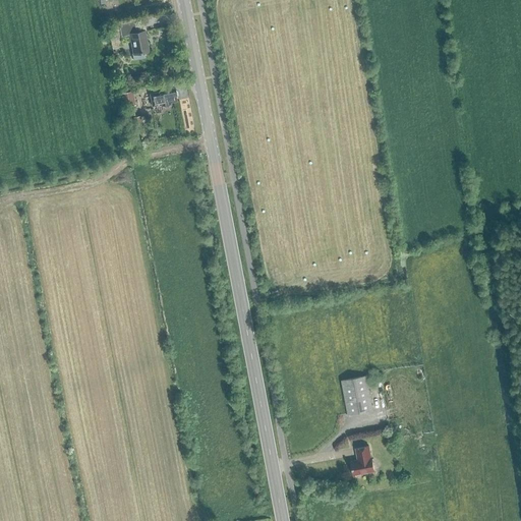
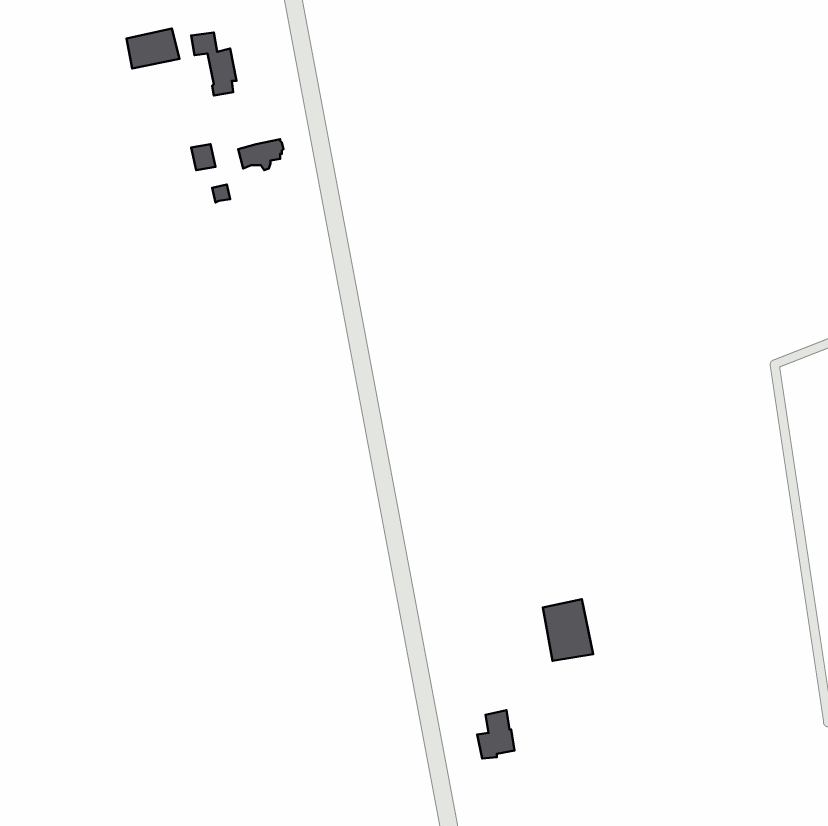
building: none -> [126,29,180,68]
building: [350,447,373,477] -> [477,710,515,759]

